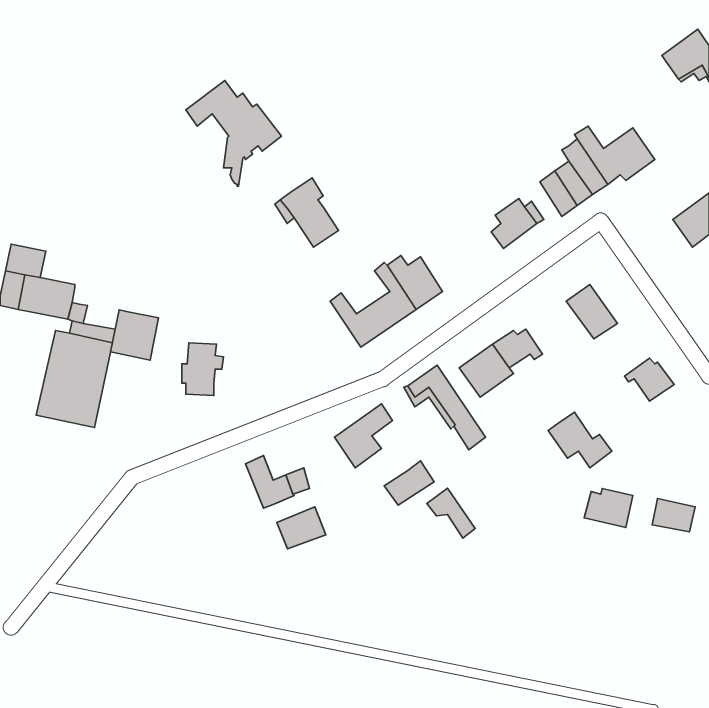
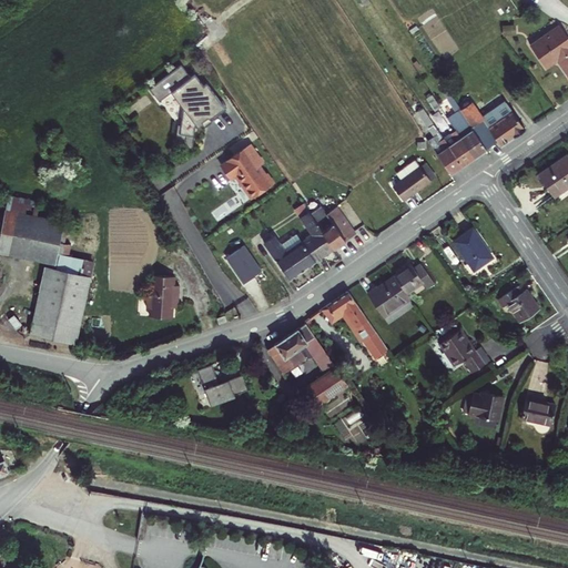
building: none -> [224,245,262,285]
building: [111,310,159,360] -> none
building: [427,488,475,538] -> [297,337,336,377]
building: [277,507,326,549] -> none

